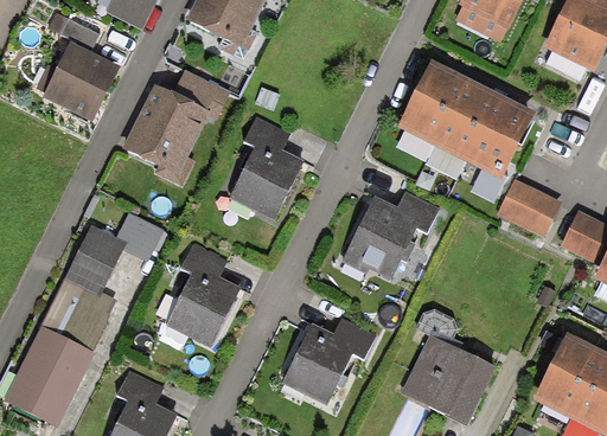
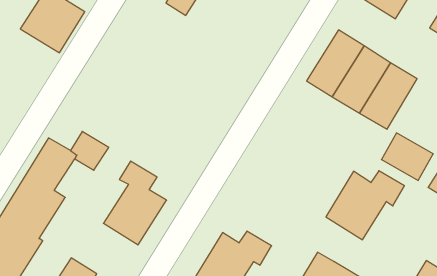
building: [122,69,231,186] -> none
building: [229,117,305,220] -> none
building: [346,192,439,278] -> [326,171,404,240]

